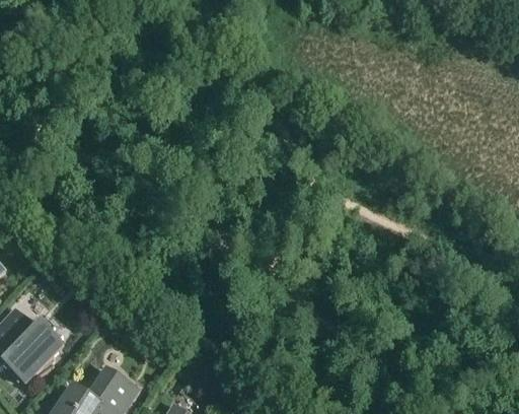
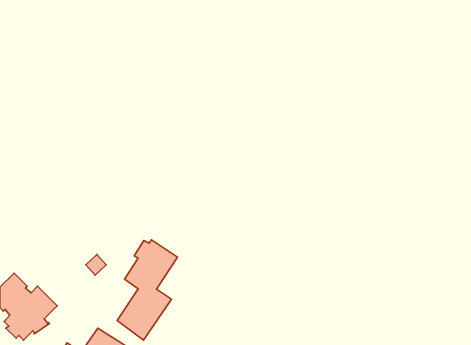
building: none -> [117,240,178,340]

